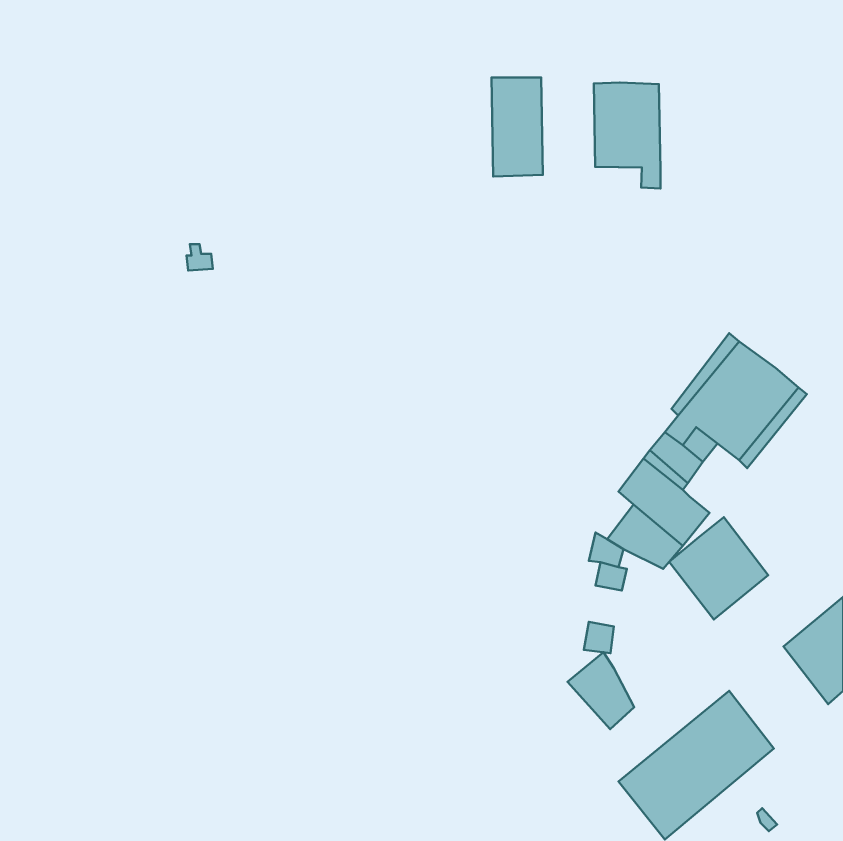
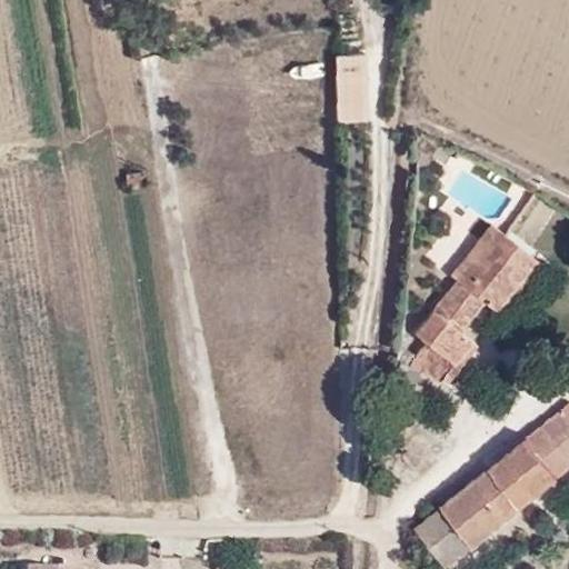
building: [594,82,661,188] -> none
building: [669,517,768,620] -> [491,437,558,506]
building: [567,652,634,729] -> none

